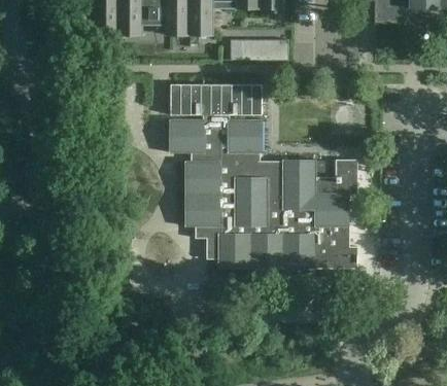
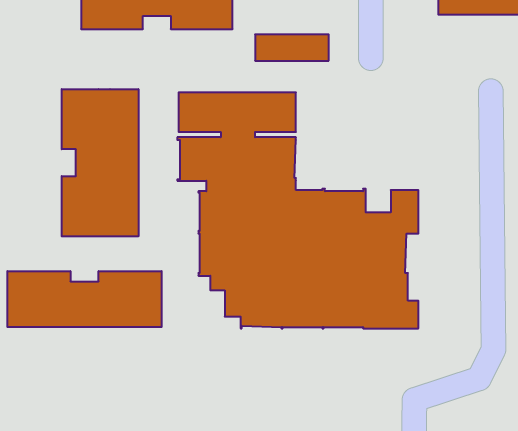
building: none -> [62,89,138,236]
building: none -> [7,271,162,327]

